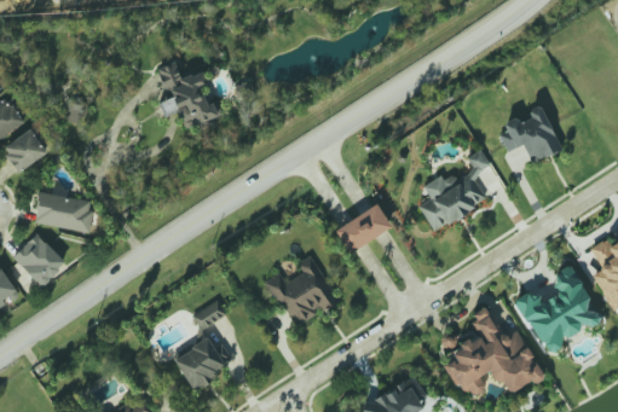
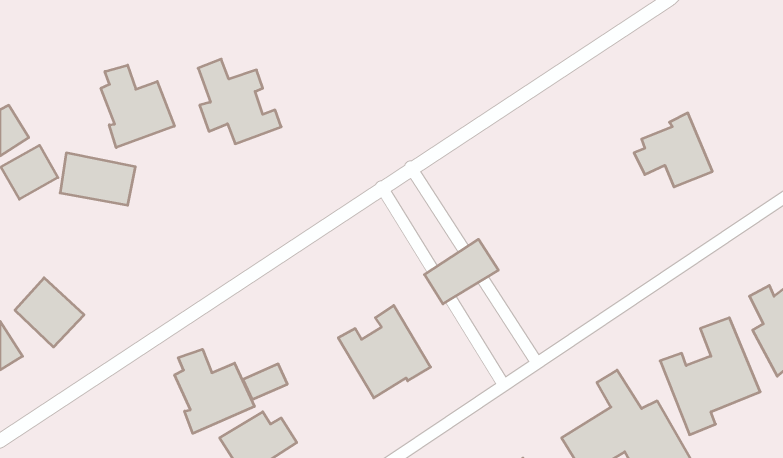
building: none -> [101,65,174,148]
building: [421,150,491,231] -> none
building: [35,191,94,232] -> [60,153,135,205]
building: none -> [175,349,254,433]

